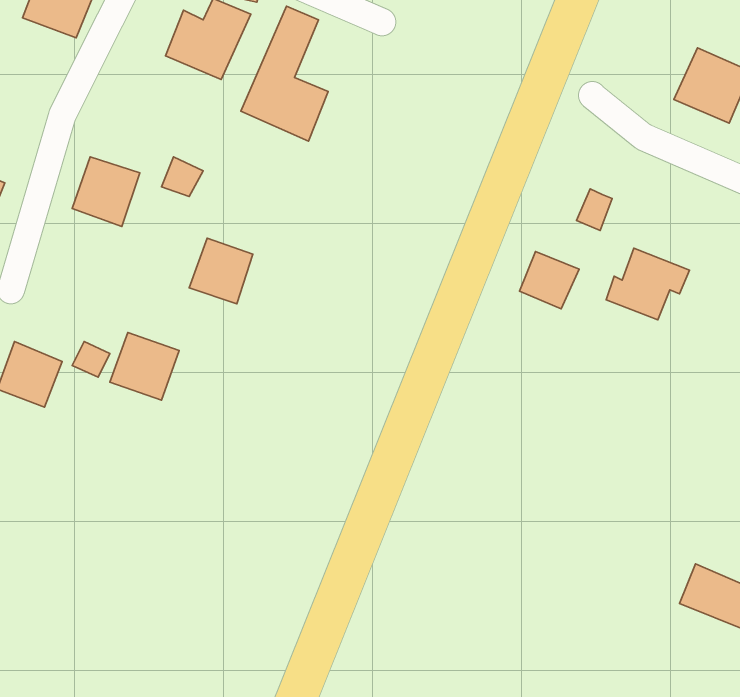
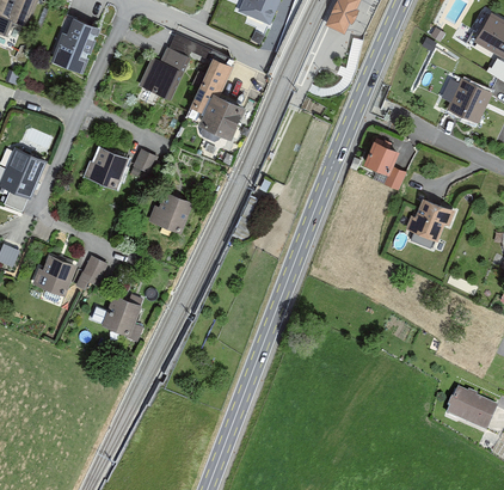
building: [520,251,579,309] -> [365,136,401,171]
building: [110,333,179,400] -> [98,292,140,332]

